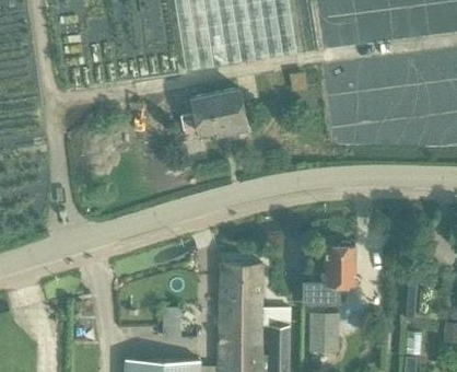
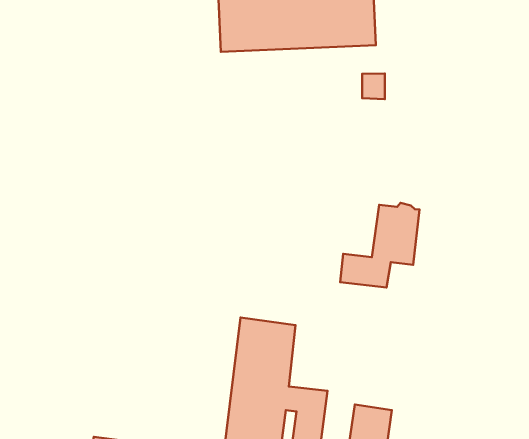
building: [191,91,246,137] -> none
building: [304,243,355,305] -> [340,203,419,287]

